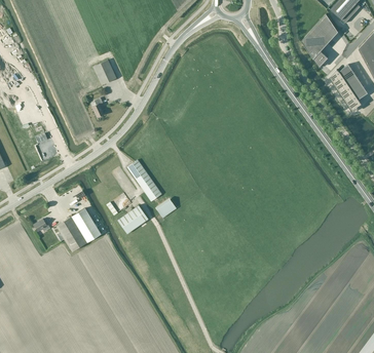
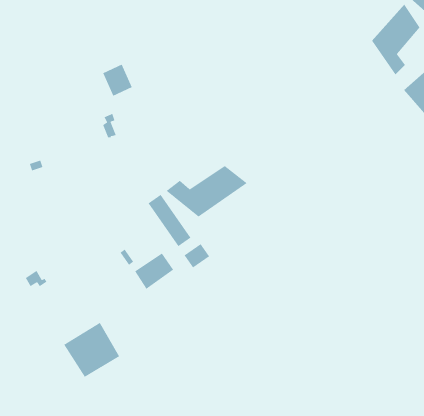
building: none -> [165,165,248,217]
building: [55,208,100,251] -> [63,322,120,378]

